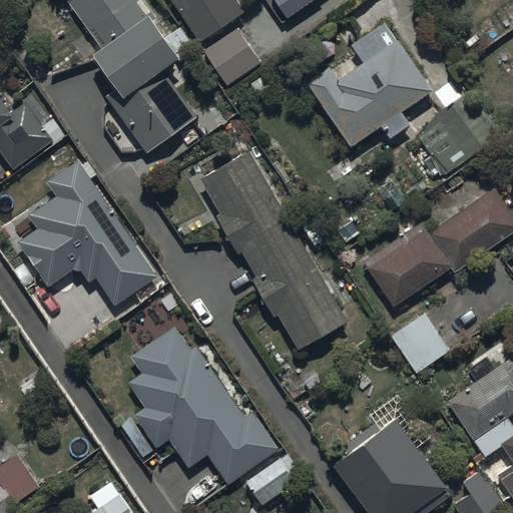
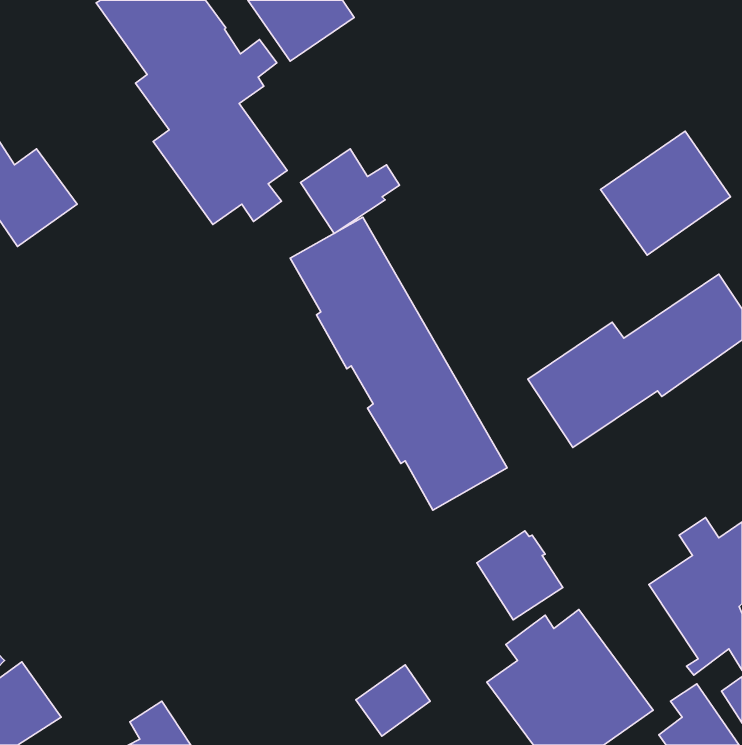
building: [307,23,433,148] -> none
building: [203,28,272,86] -> [300,149,400,233]
building: [17,161,156,308] -> none
building: [390,313,449,374] -> [477,531,563,620]
building: [127,328,280,486] -> none

